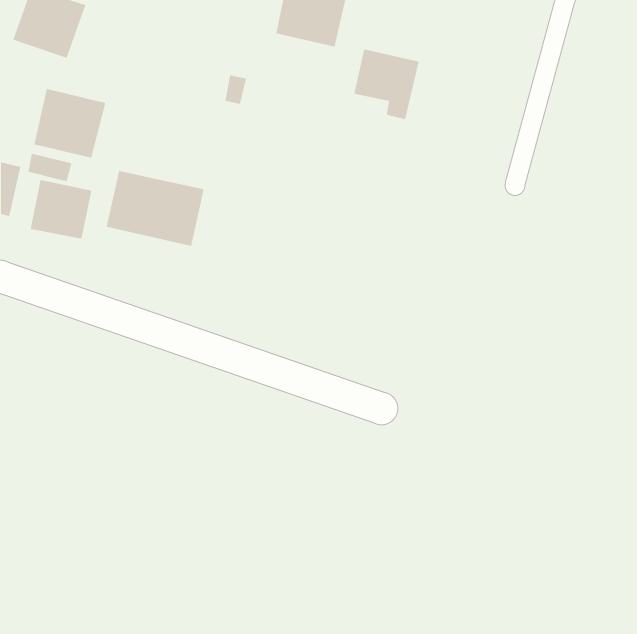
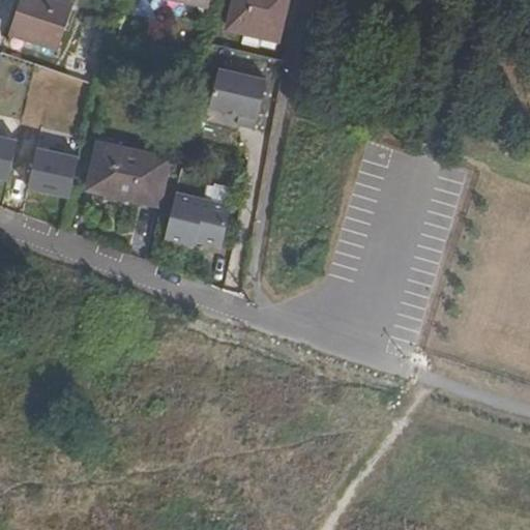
building: [353,49,419,120] -> [210,69,265,128]
building: [34,88,106,158] -> none
building: none -> [166,194,230,245]

